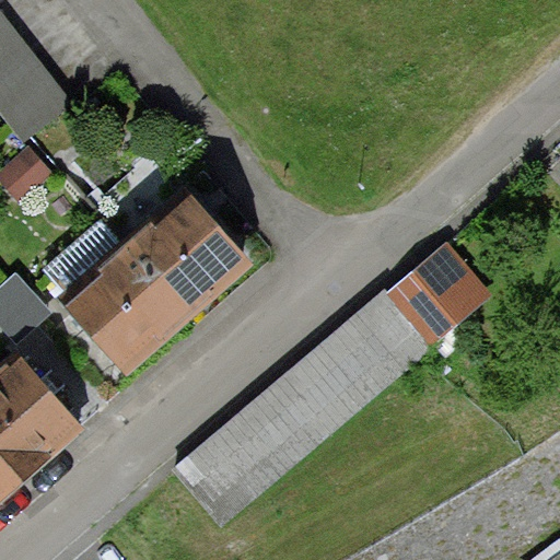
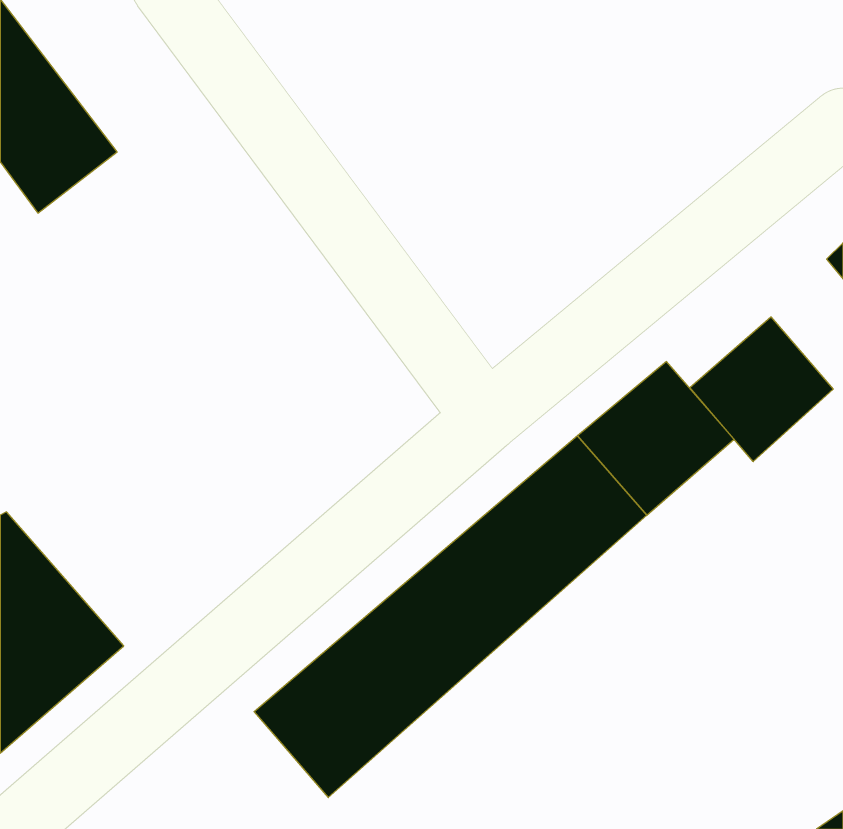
building: [43,191,250,393] -> none
building: none -> [690,317,833,462]

